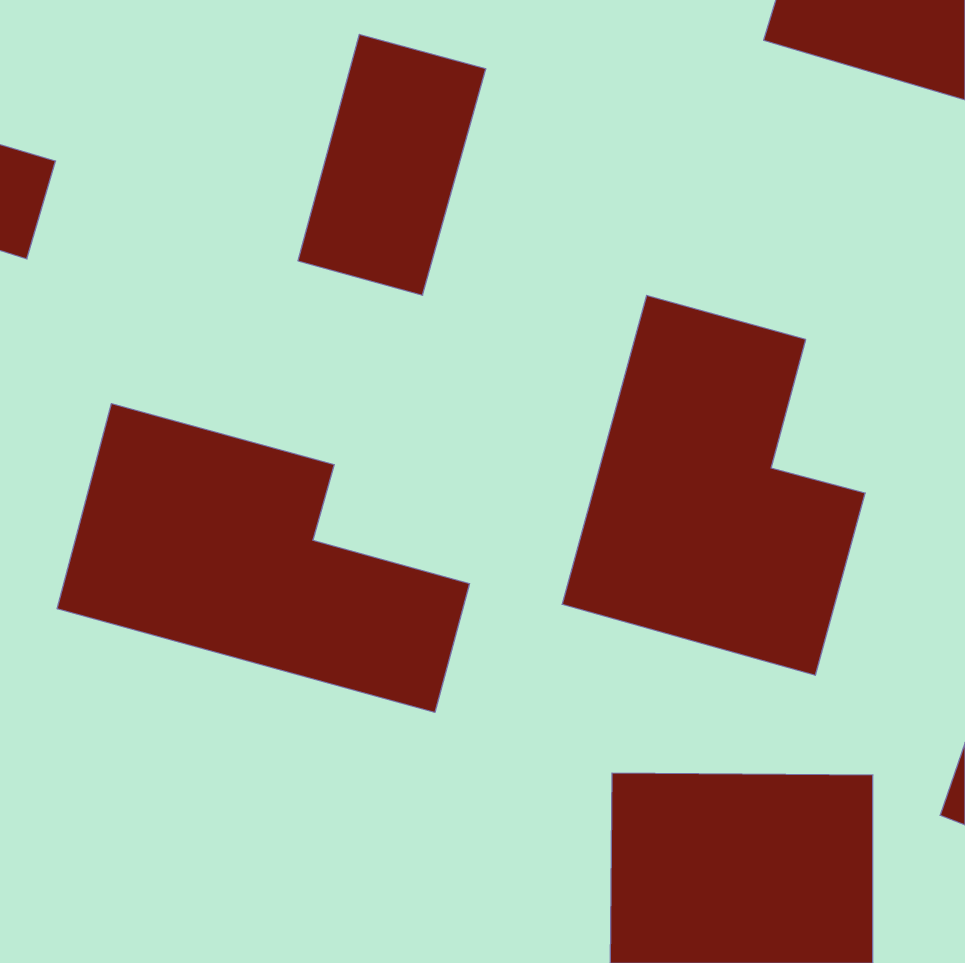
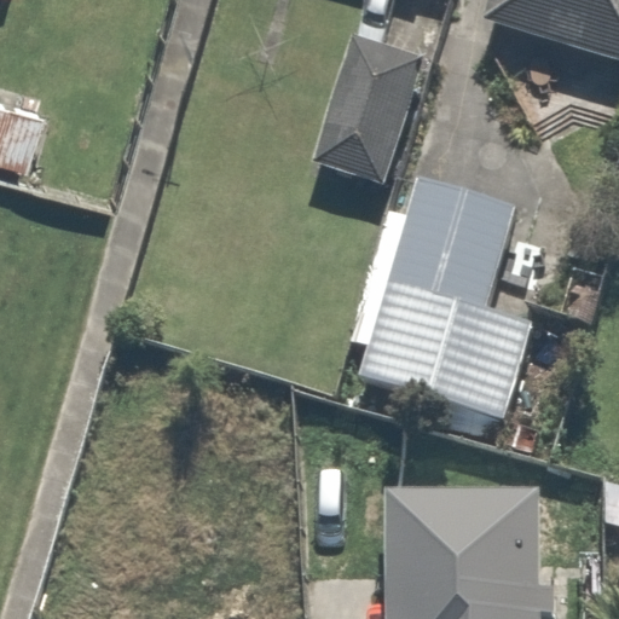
building: [298,34,486,295] -> [313,22,432,186]
building: [57,404,470,712] -> none

